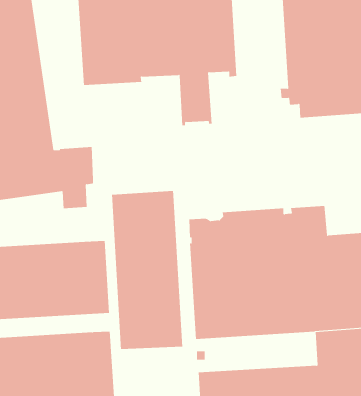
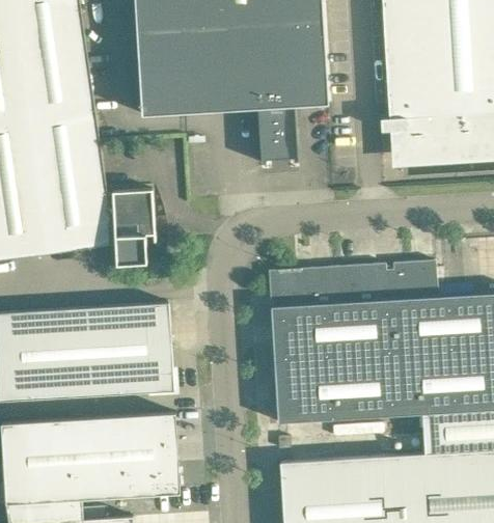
building: [111,190,183,350] -> none

